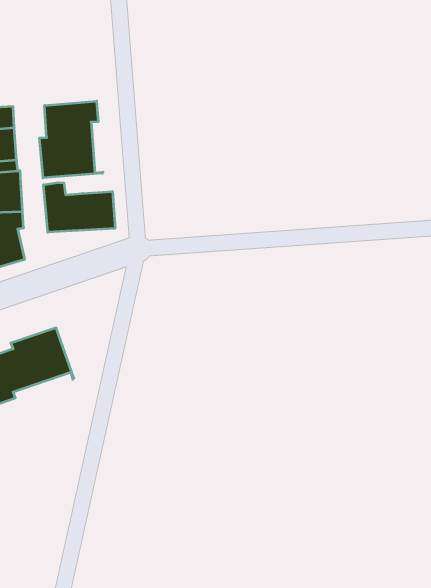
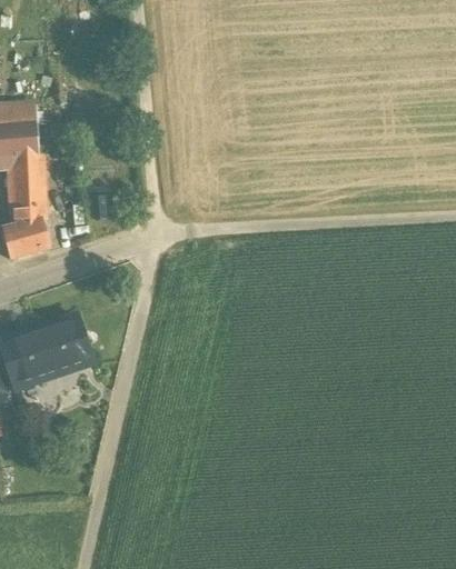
building: [40,101,103,178] -> none
building: [44,183,115,232] -> none

